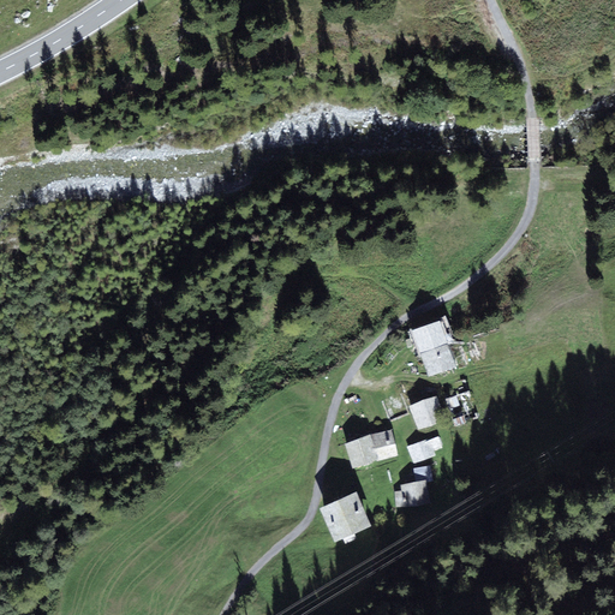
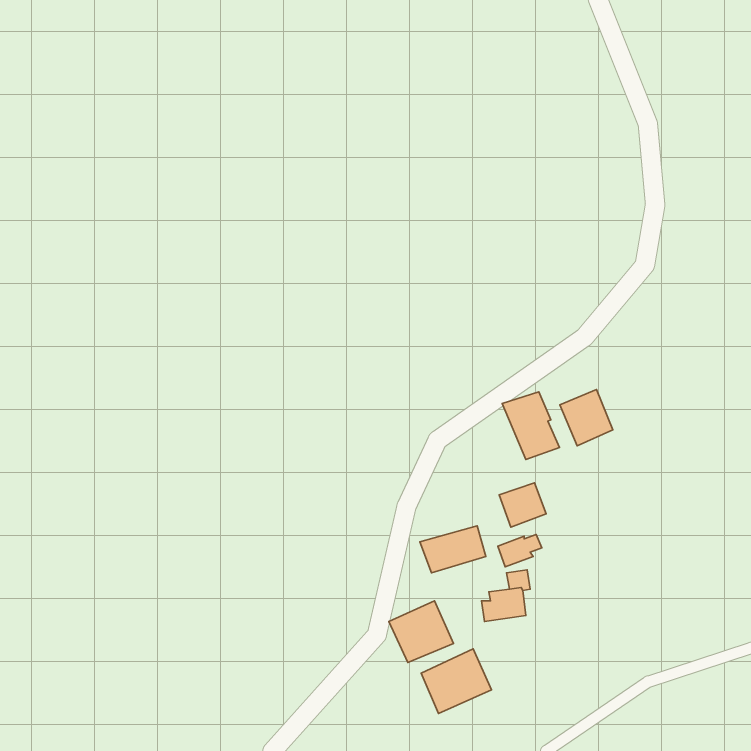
building: none -> [560,390,613,446]
building: none -> [421,649,491,713]

